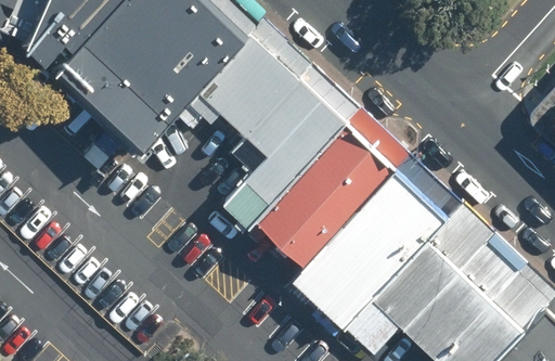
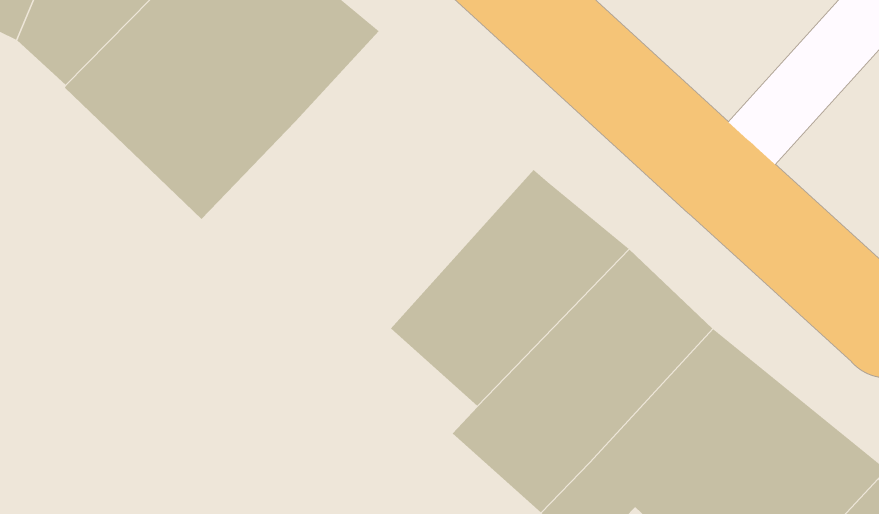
building: [201,39,343,224] -> none

